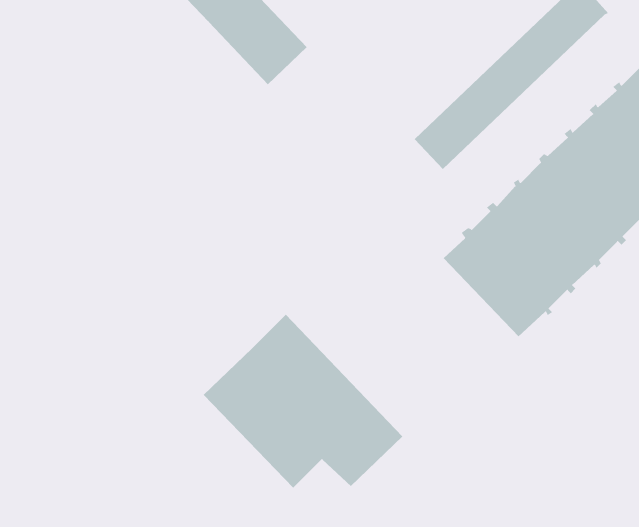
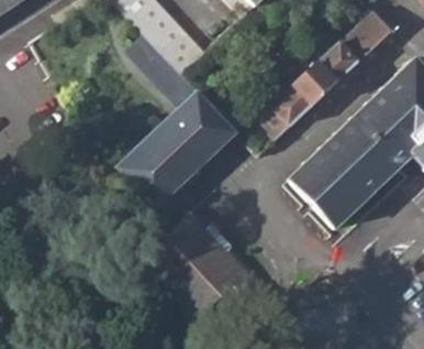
building: none -> [116,34,236,206]

